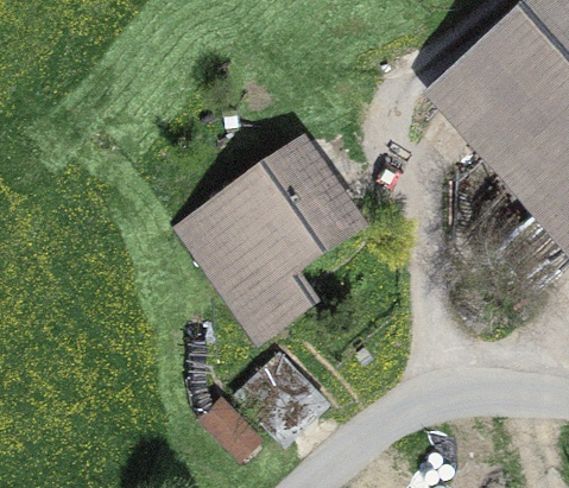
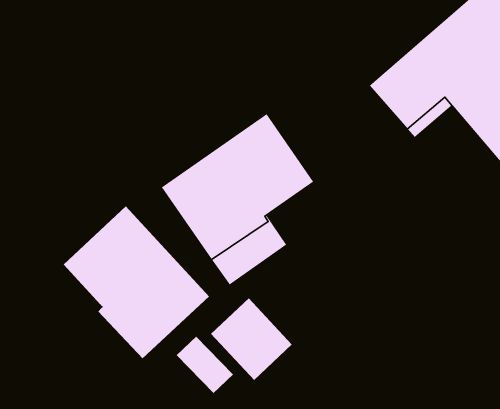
building: none -> [63,206,210,359]

